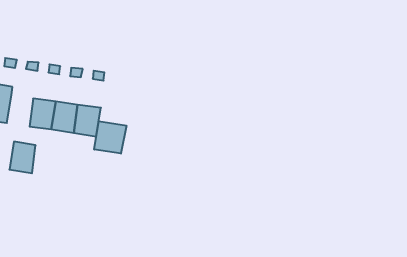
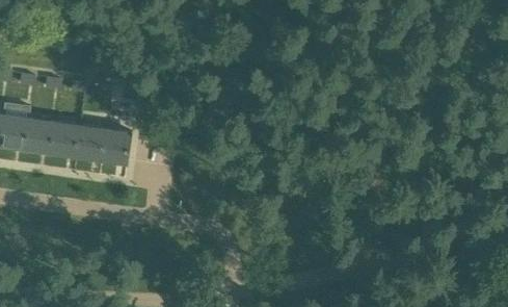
building: [94,121,126,154] -> none
building: [9,142,36,173] -> [24,118,54,154]

